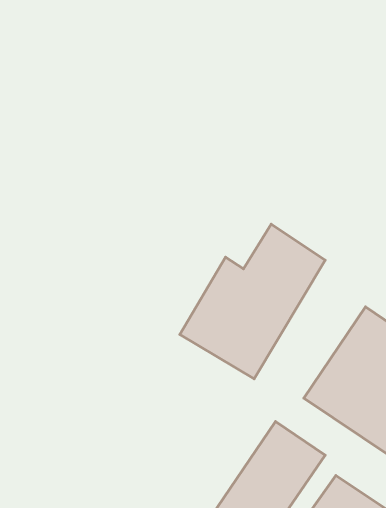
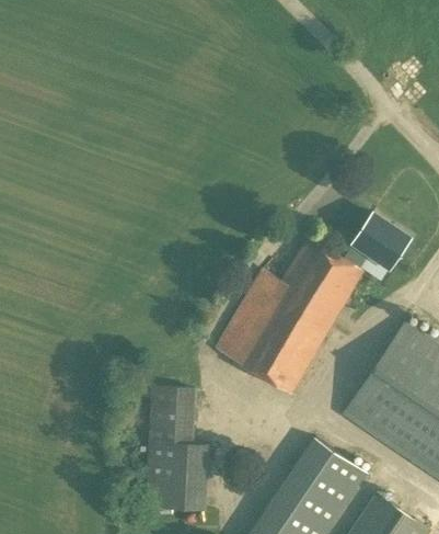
building: none -> [355,215,409,268]
building: none -> [150,385,208,509]

